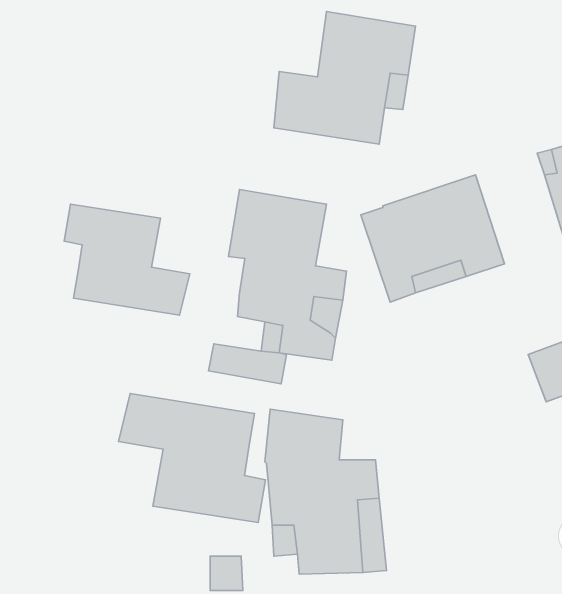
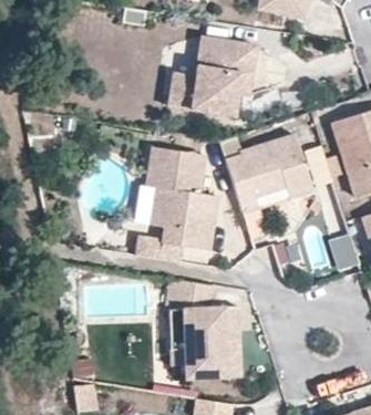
building: [64,204,190,315] -> none
building: [118,393,266,523] -> none

